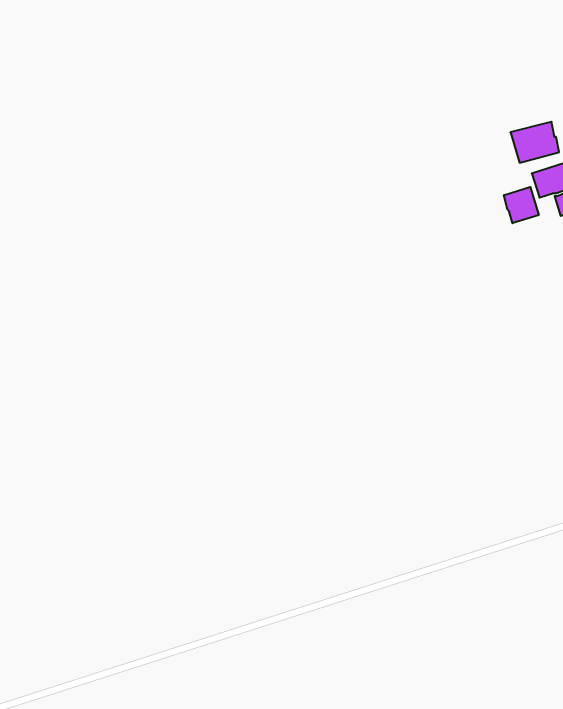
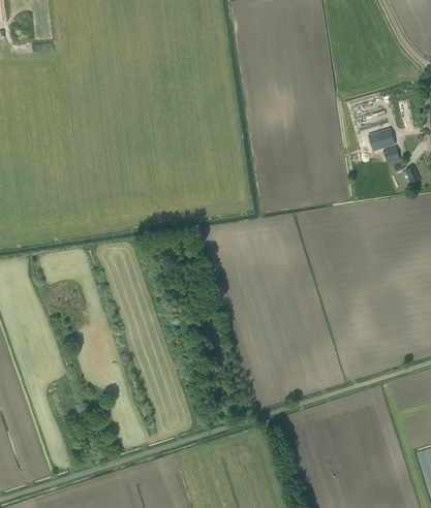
building: [504,187,539,223] -> none

